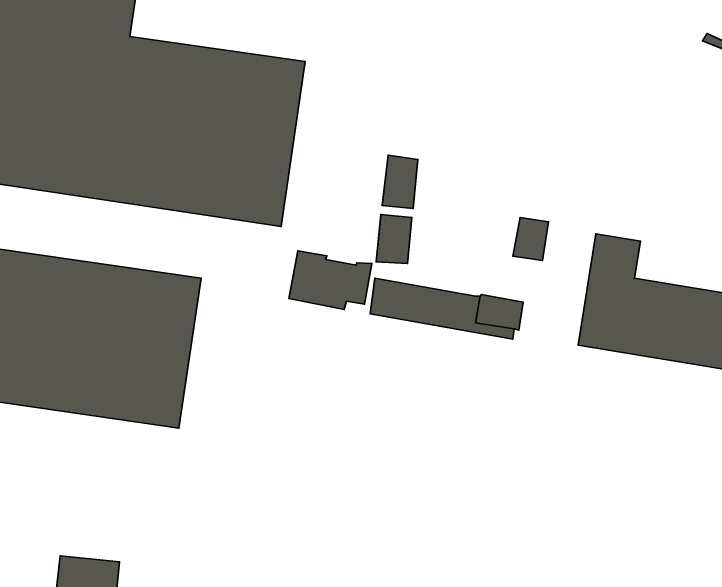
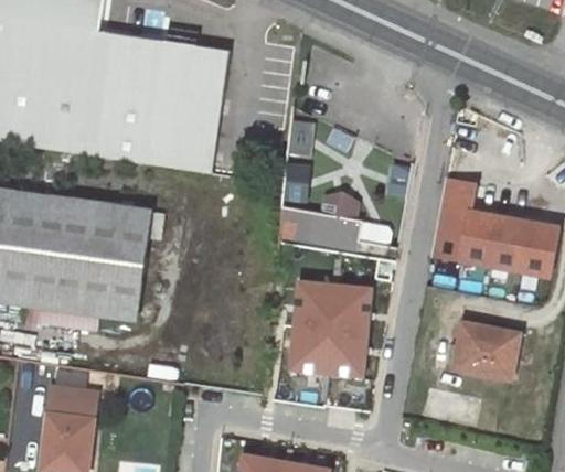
building: [289,251,372,309] -> none
building: none -> [319,193,360,224]
building: none -> [279,278,377,383]
building: none -> [454,324,518,378]
building: none -> [47,387,94,421]

